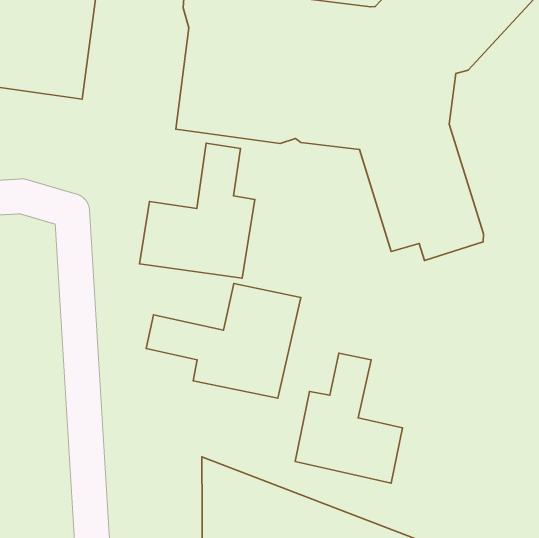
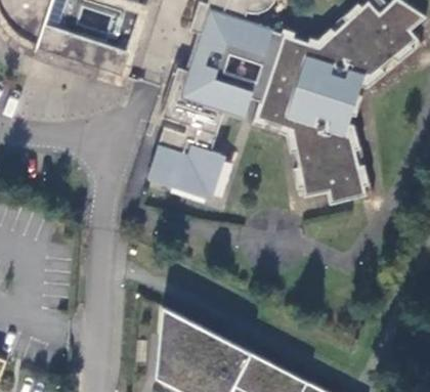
building: [146,284,301,398] -> none
building: [295,353,402,483] -> none

